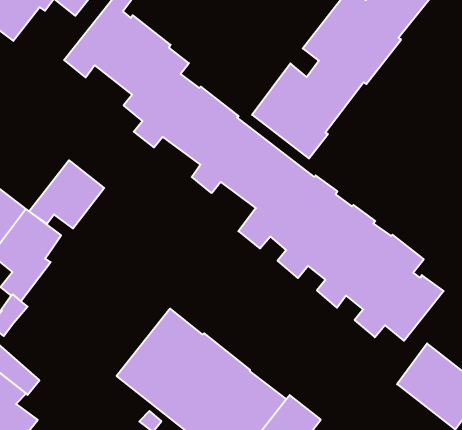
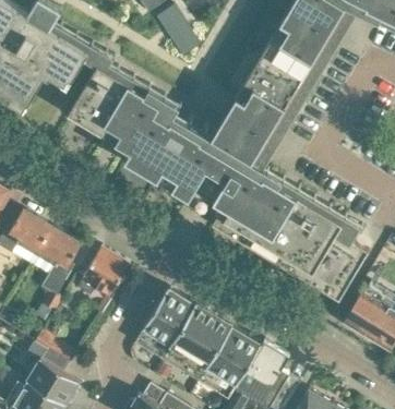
building: [29,160,104,228] -> [75,245,129,296]

